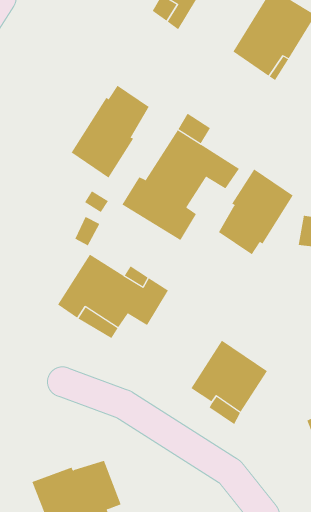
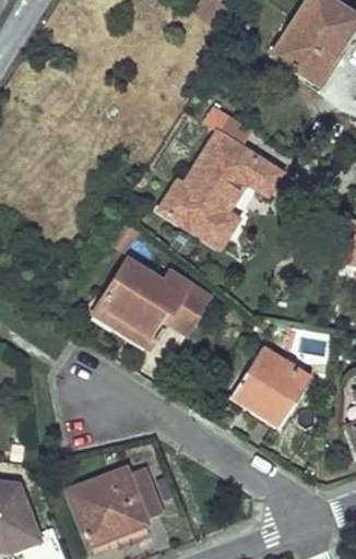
building: [71,85,149,179] -> none
building: [218,168,293,255] -> none

